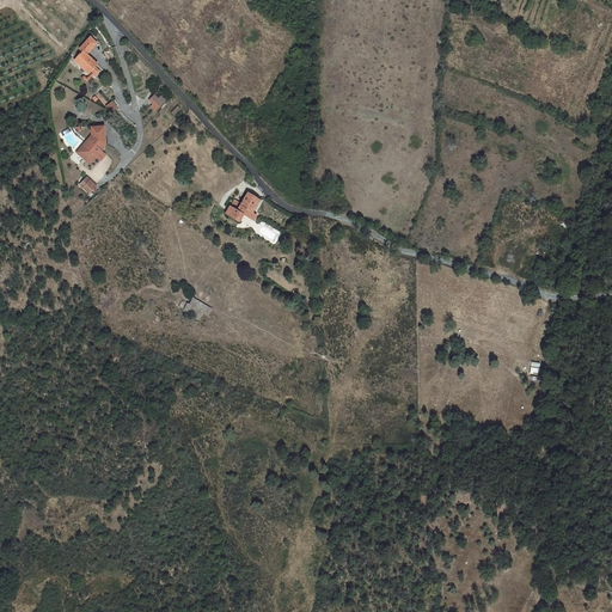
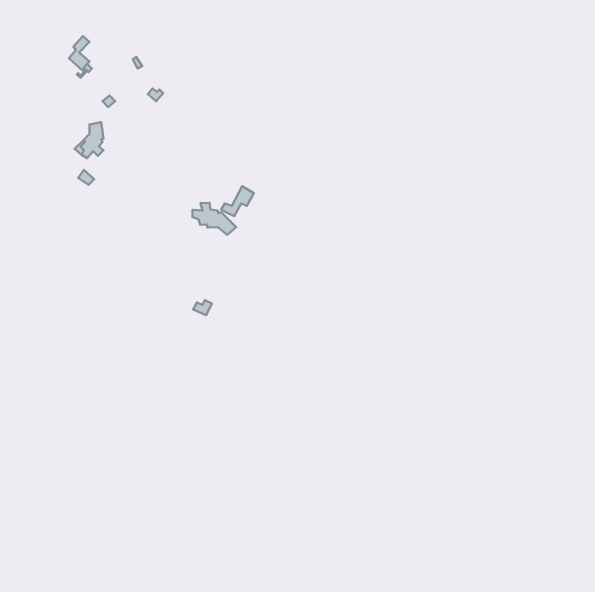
building: none -> [192,203,236,235]

